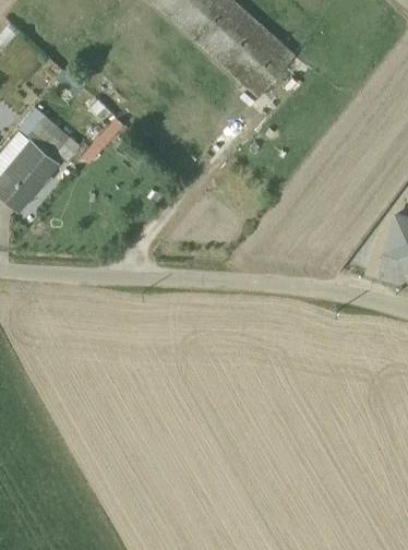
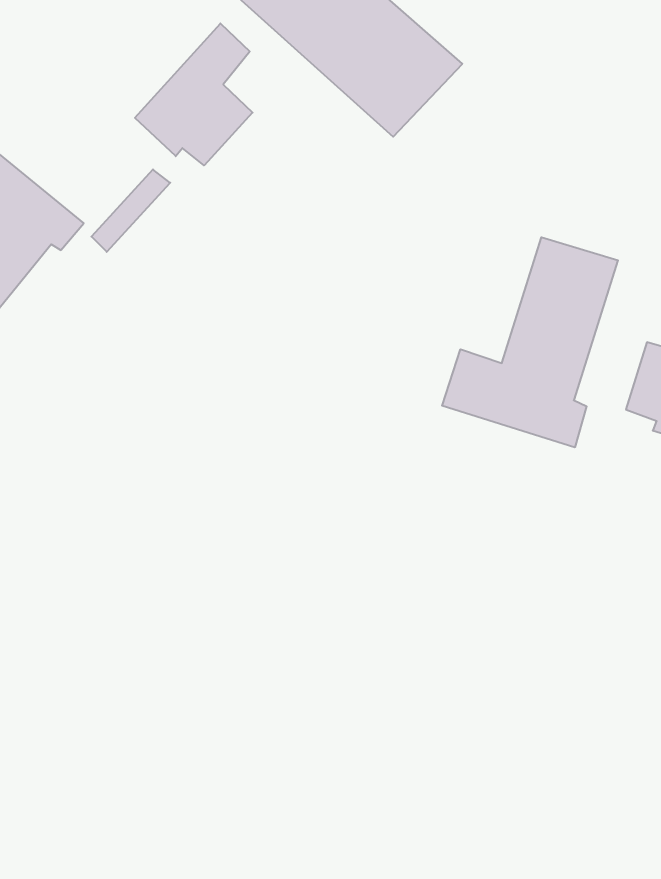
building: none -> [135,23,253,165]
building: none -> [442,237,618,447]

